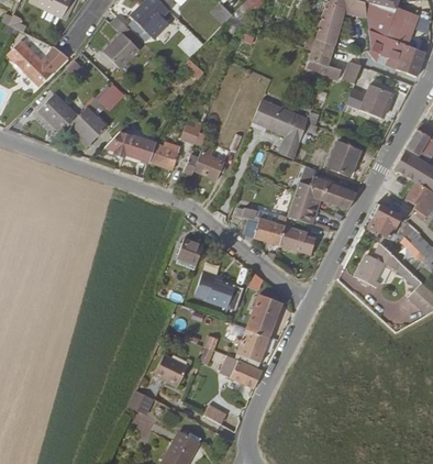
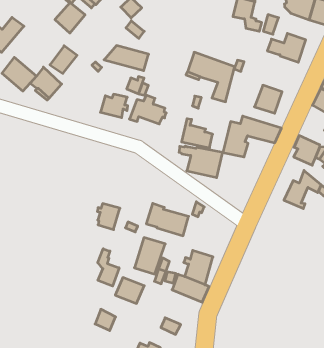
building: [104,131,156,162] -> [104,46,149,71]
building: [279,219,315,254] -> [182,119,213,148]
building: [178,237,204,268] -> [97,204,120,230]
building: [246,294,284,336] -> [134,238,165,274]
building: none -> [98,249,119,286]

